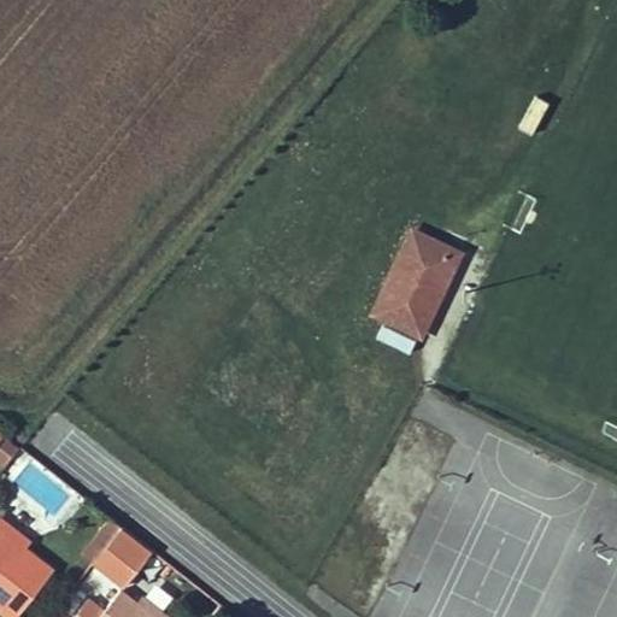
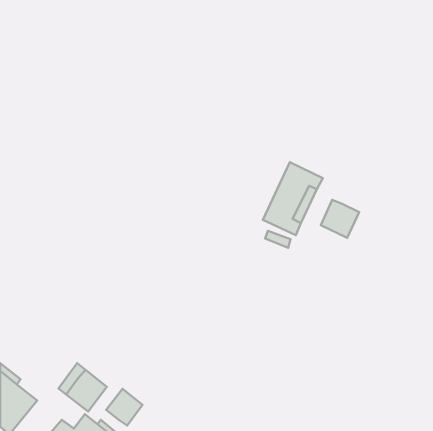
building: none -> [321,200,359,238]
building: none -> [106,389,143,425]

